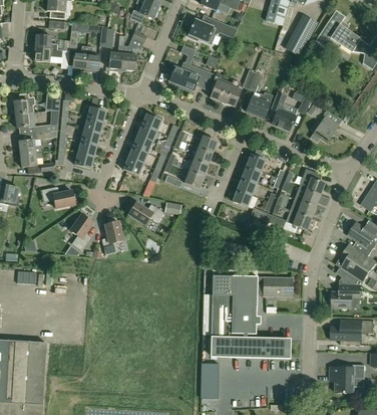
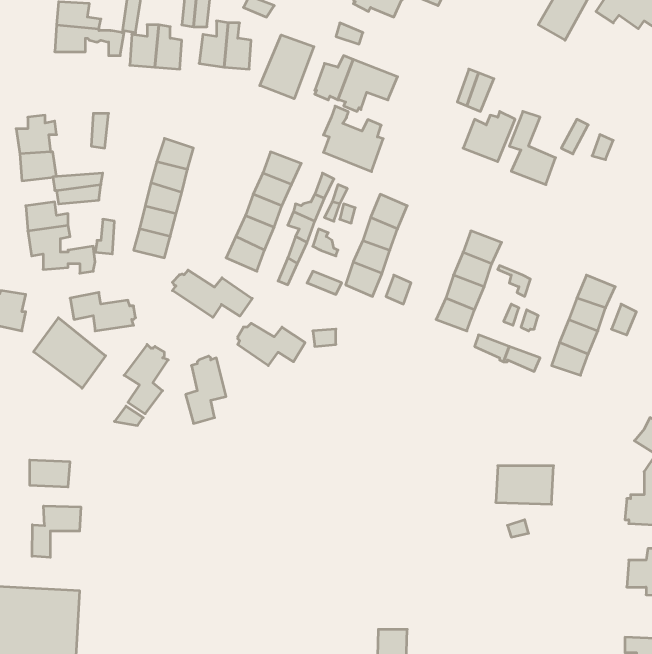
building: none -> [260,35,314,99]
building: [210,72,241,107] -> [323,106,383,172]
building: [310,116,338,142] -> none
building: none -> [172,270,252,317]
building: none -> [34,318,106,388]
building: [210,274,288,357] -> none
building: none -> [32,506,81,557]

